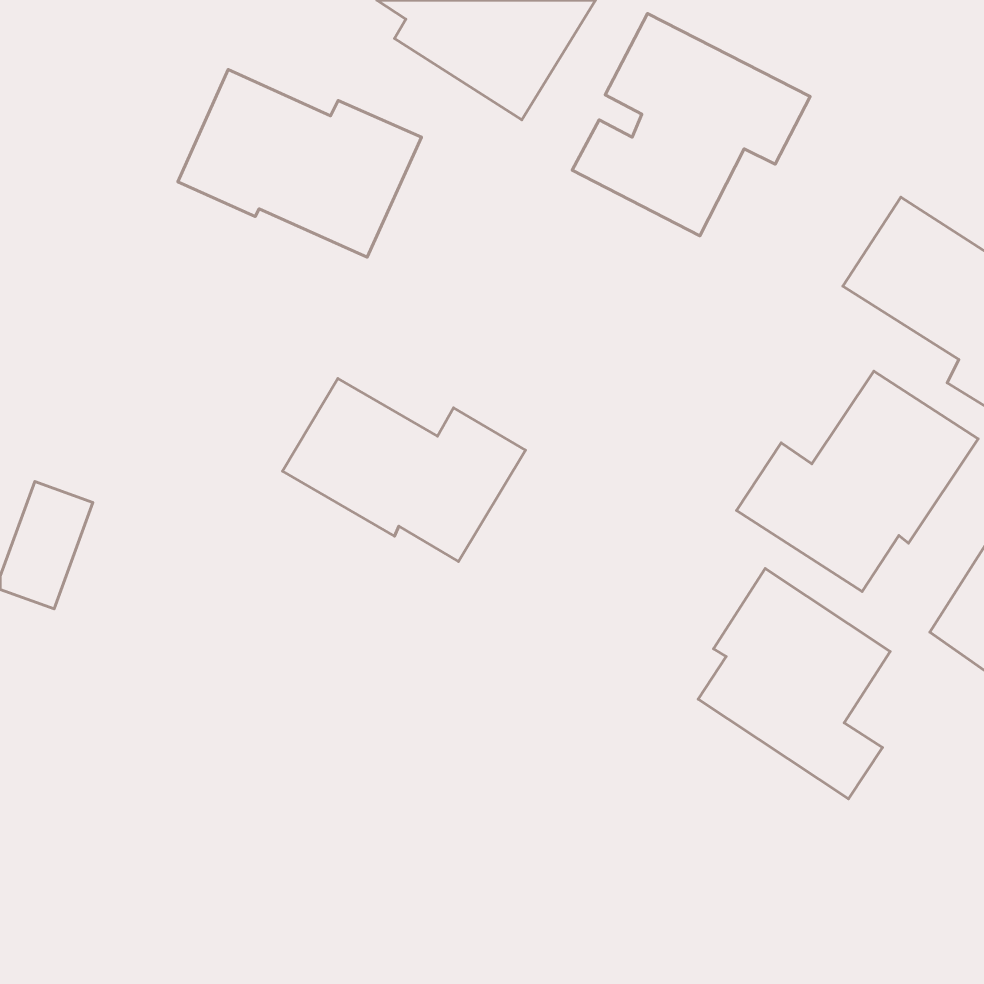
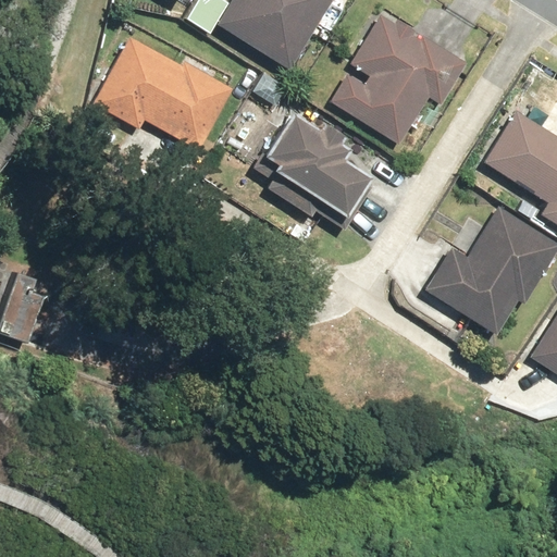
building: none -> [274,113,377,213]
building: [282,378,526,562] -> none
building: [698,569,890,799] -> none

